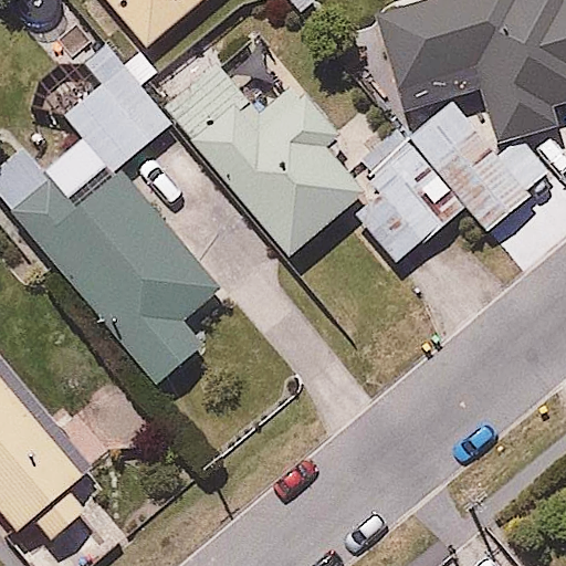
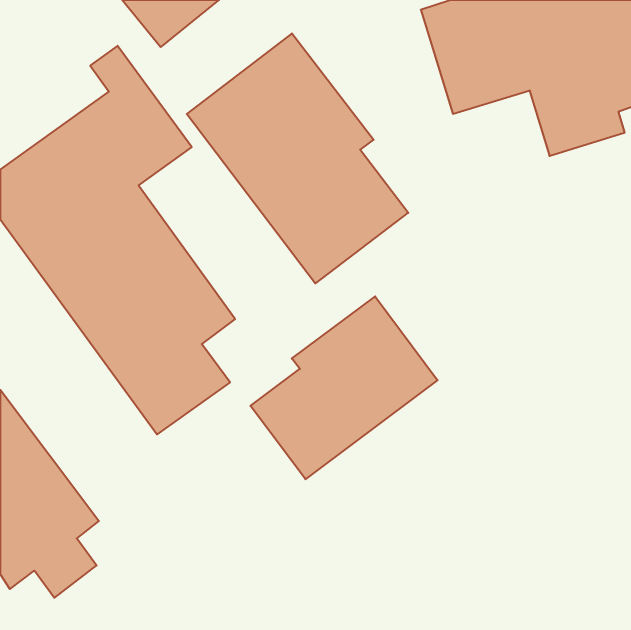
building: [348,98,556,262] -> none
building: none -> [250,296,438,479]

